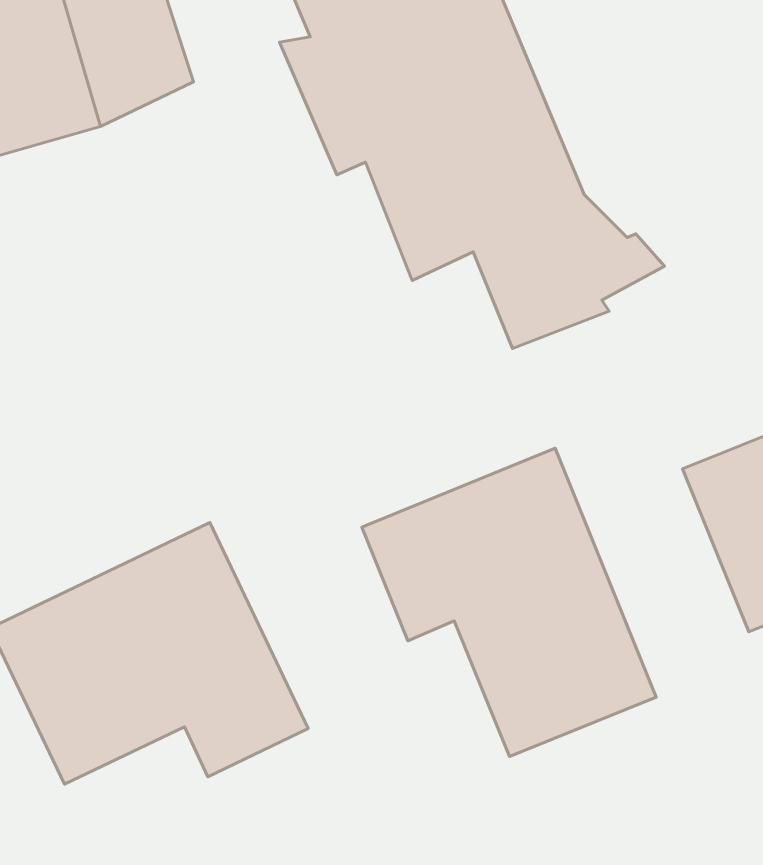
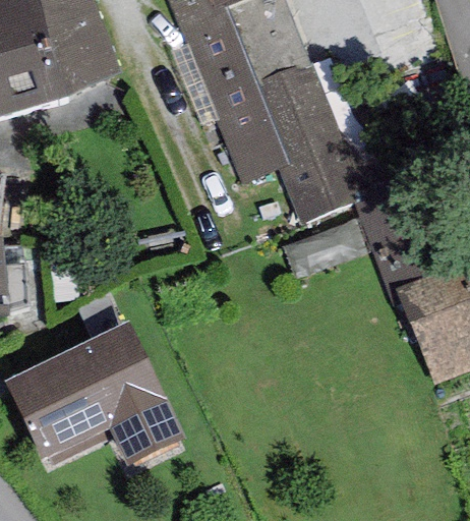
building: [362,448,656,756] -> none

